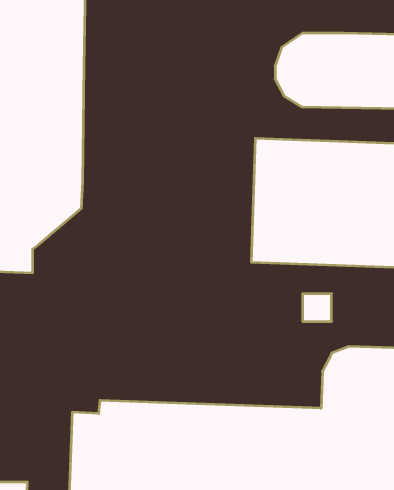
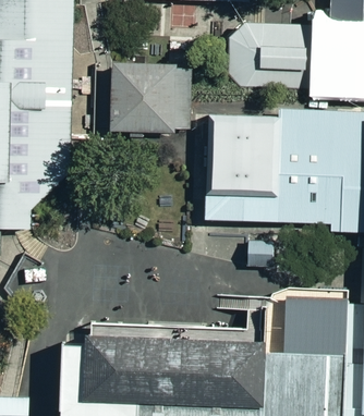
building: none -> [109,61,191,132]

